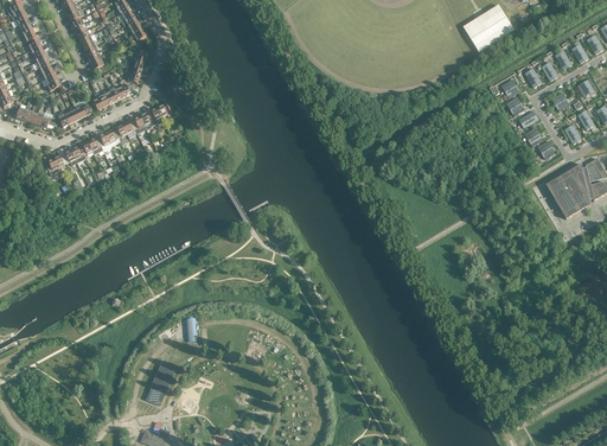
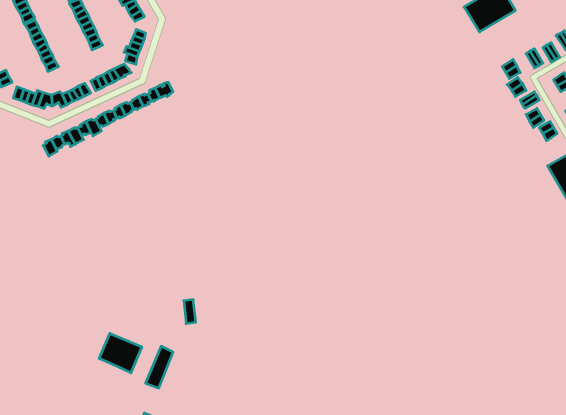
building: none -> [99,333,142,373]

